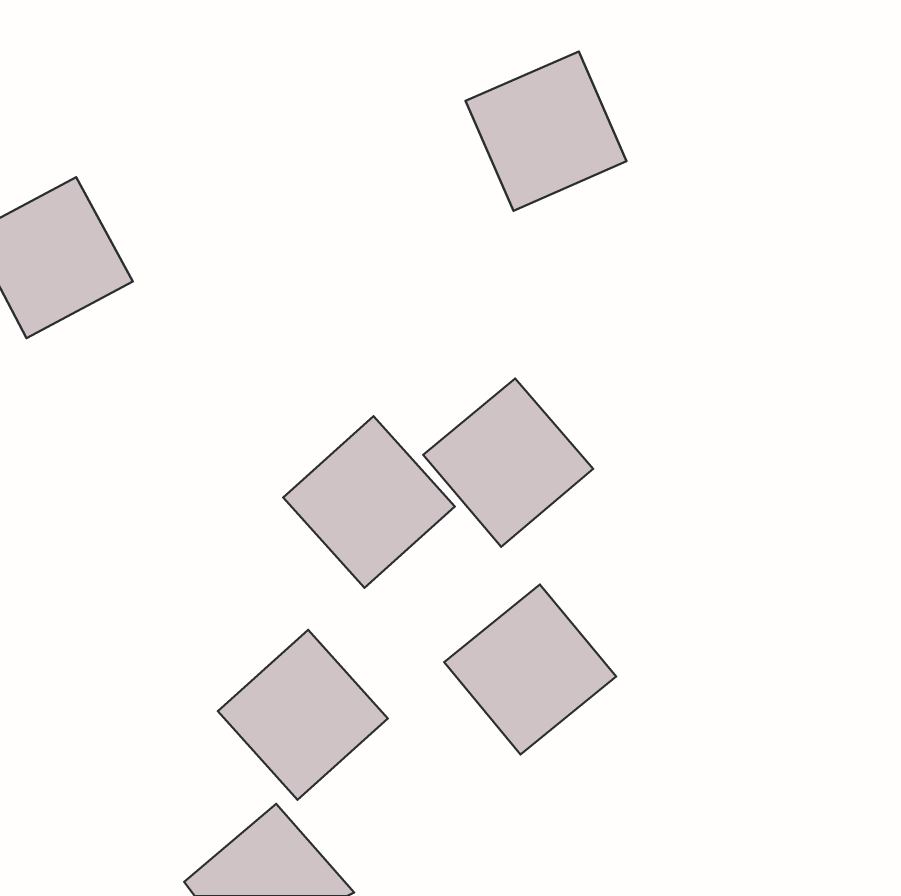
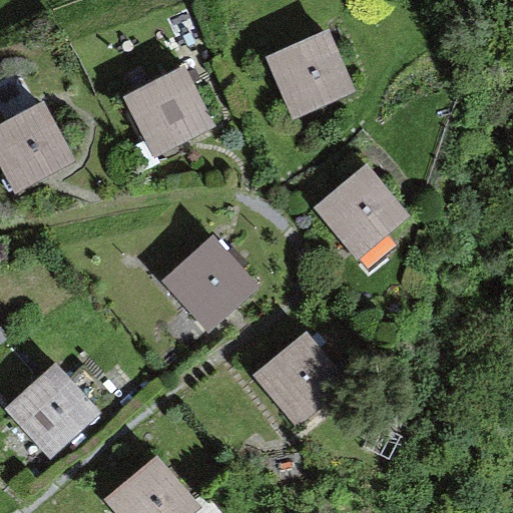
building: none -> [123,66,215,155]
building: [423,379,593,547] -> [313,165,409,261]
building: [218,630,388,800] -> [4,363,100,459]

